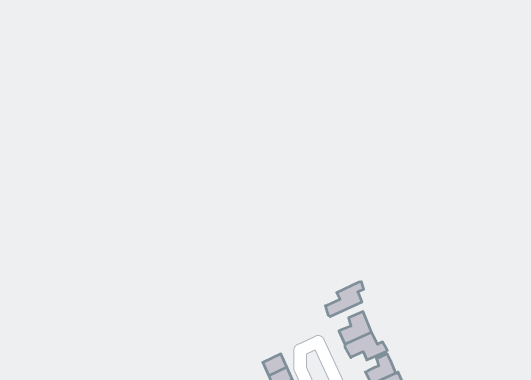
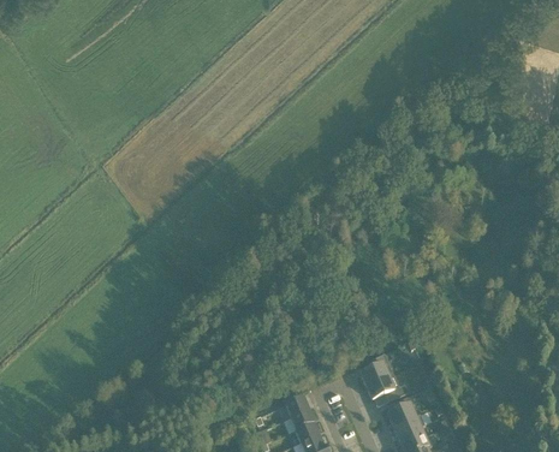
building: [325,282,364,317] -> none

